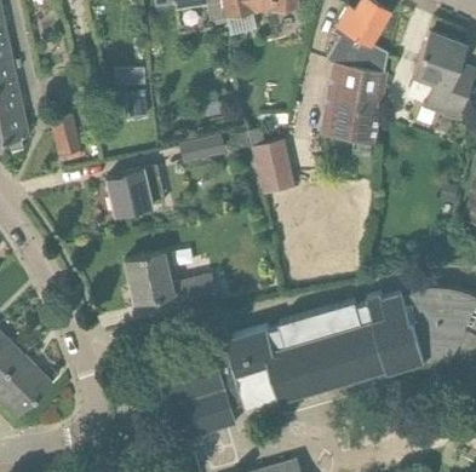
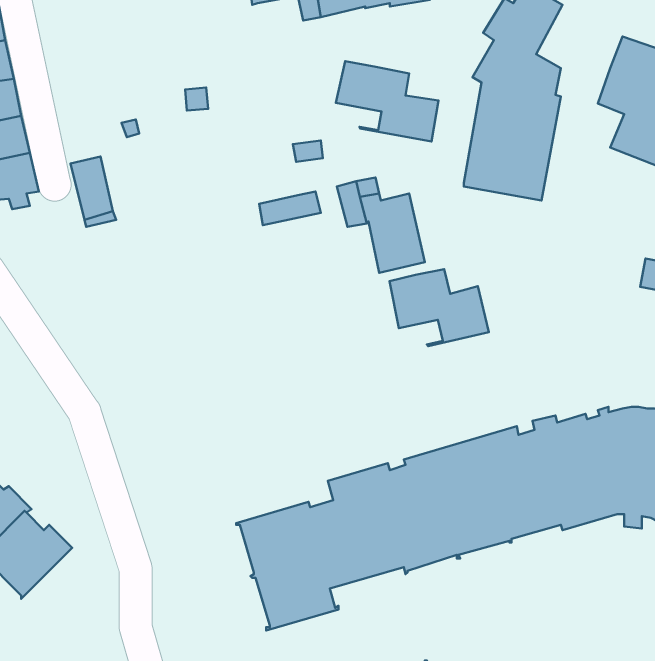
building: none -> [336,61,438,142]
building: [105,168,162,214] -> none
building: none -> [389,269,489,346]
building: [125,252,219,311] -> none

